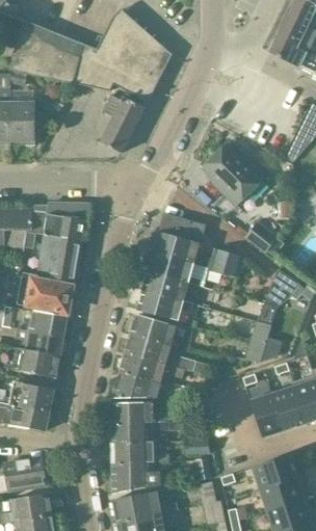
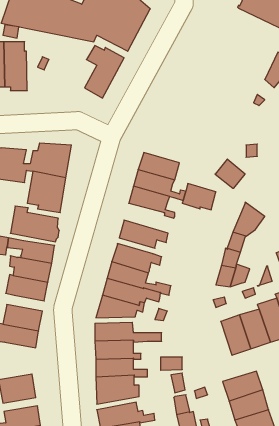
building: [204,143,264,205] -> none
building: [143,269,194,302] -> none

